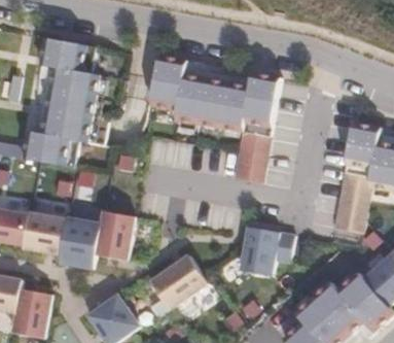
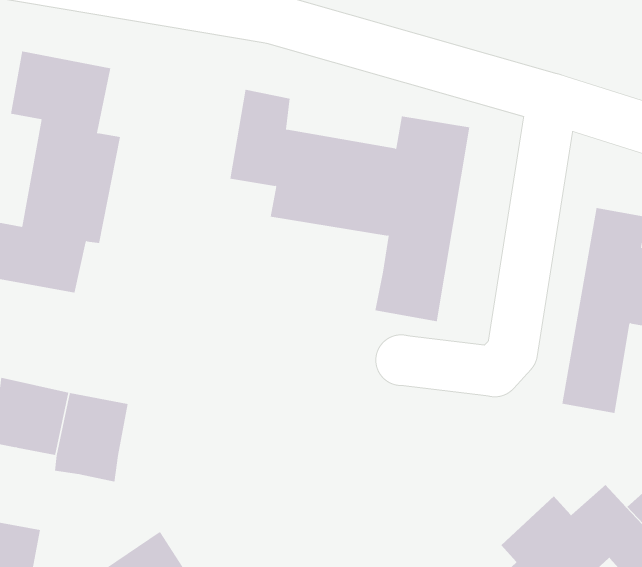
building: [94,208,137,261] -> none
building: [240,225,295,270] -> none
building: [149,255,208,310] -> none

